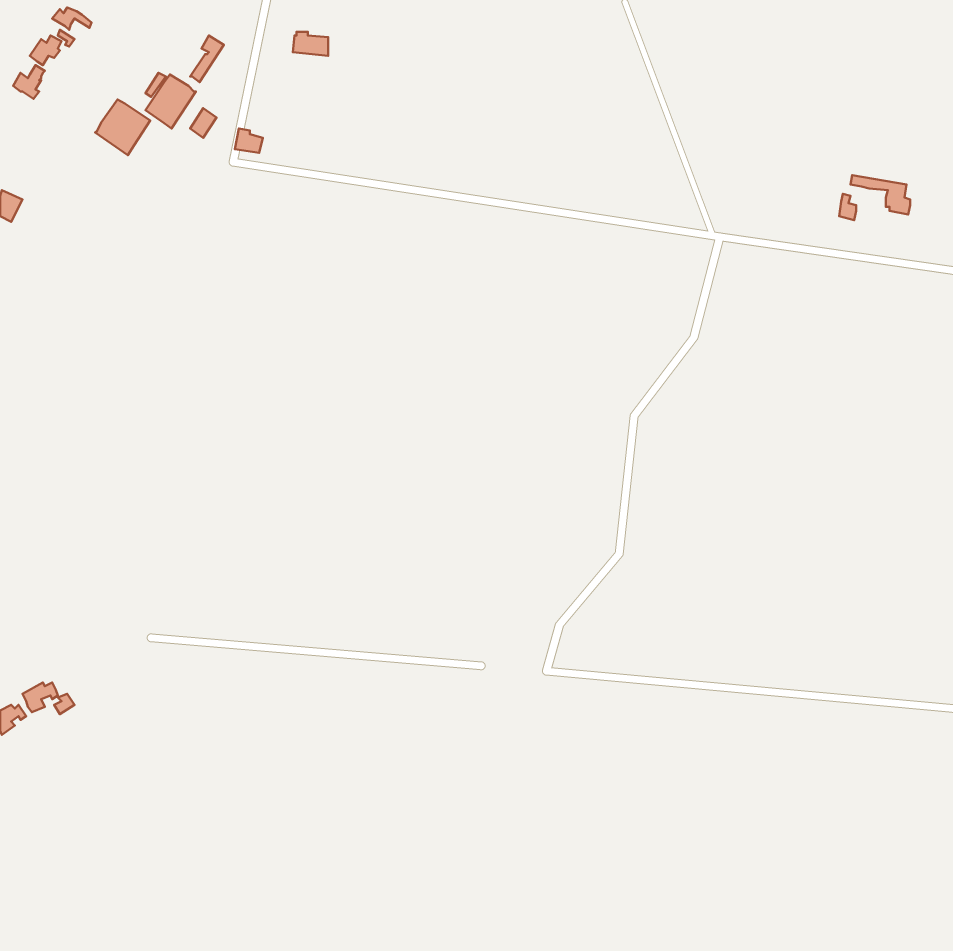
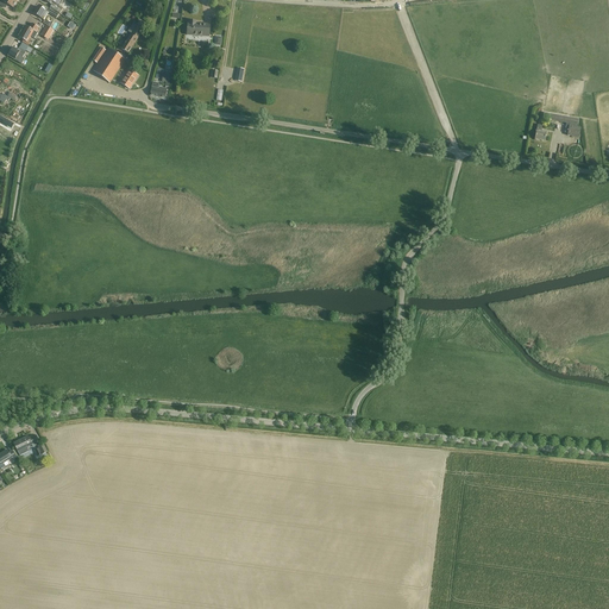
building: [95,100,150,155] -> none

